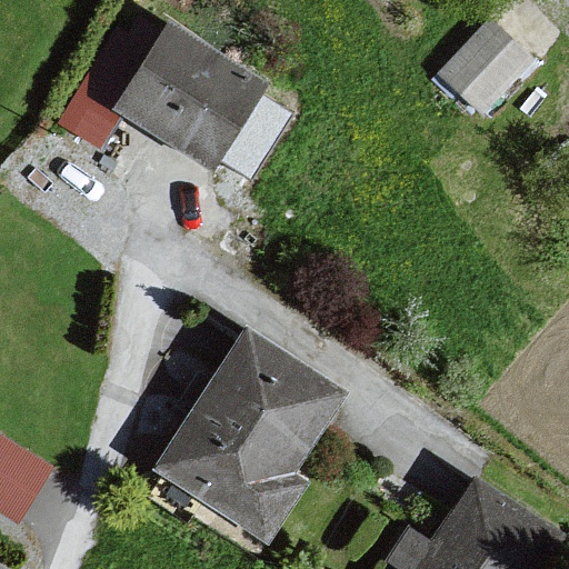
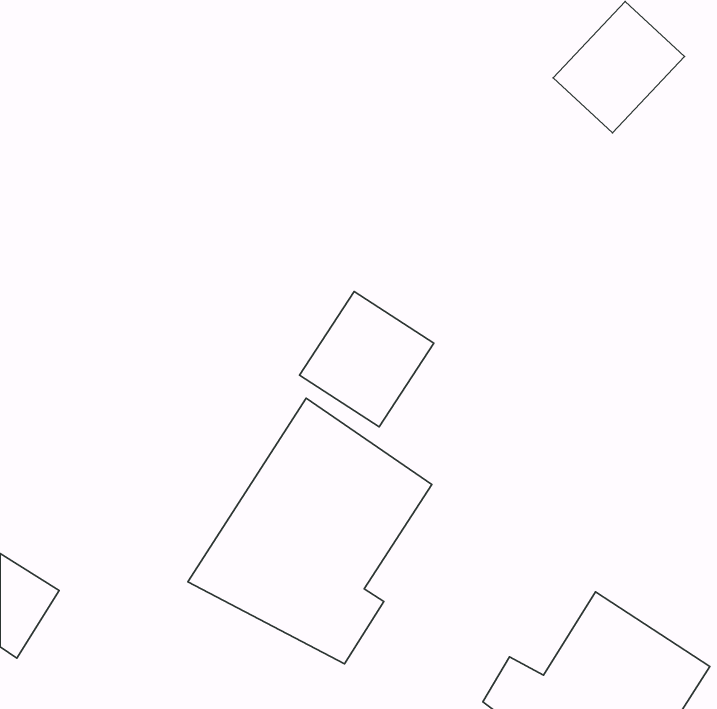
building: [121,38,270,186] -> none
building: none -> [299,292,434,427]

